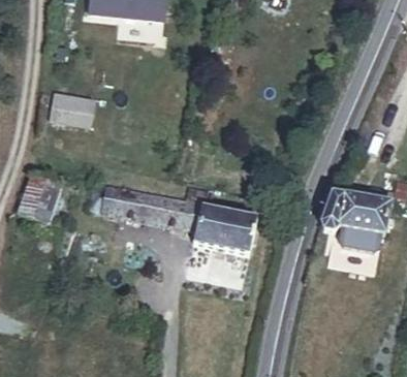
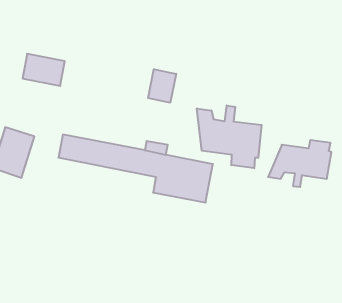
building: none -> [148,69,176,103]
building: none -> [197,105,262,168]

